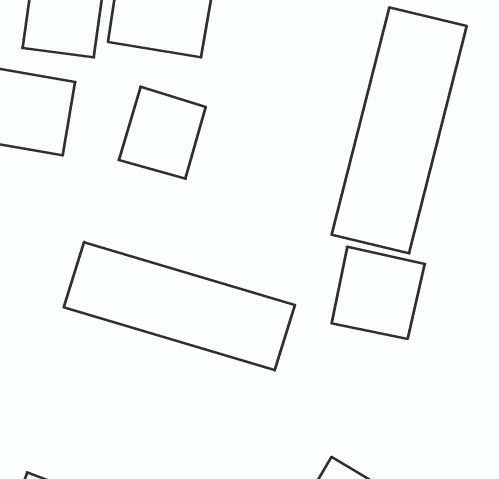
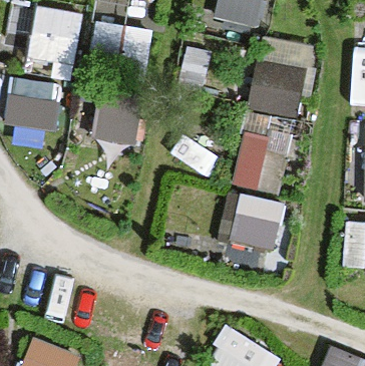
building: [64,242,295,370] -> none

